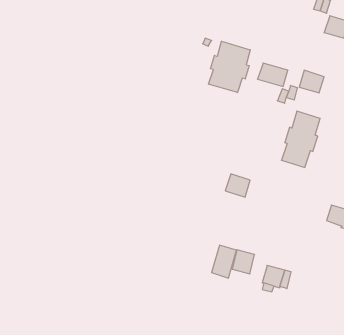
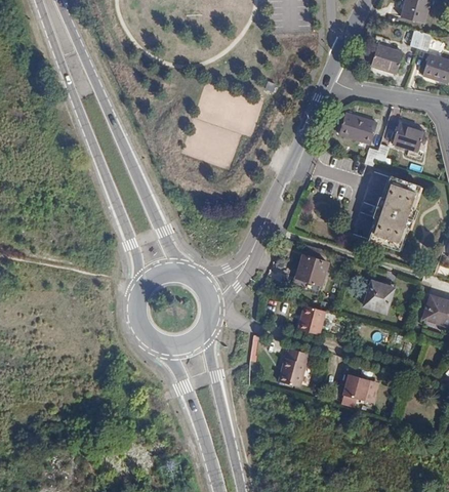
building: none -> [369,39,402,74]
building: [209,41,250,93] -> none
building: none -> [363,282,393,313]
building: [232,250,255,274] -> [297,304,326,335]

